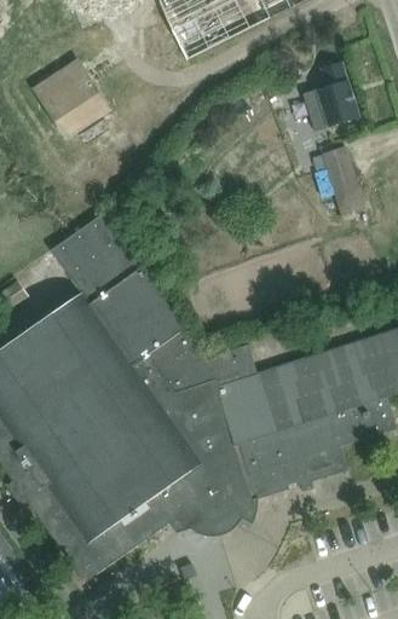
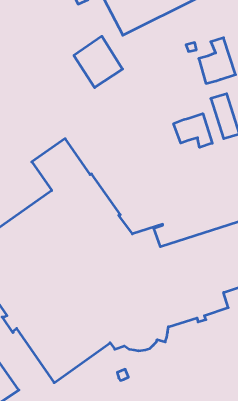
building: [34,58,108,135] -> [74,36,123,88]
building: none -> [174,114,212,147]

